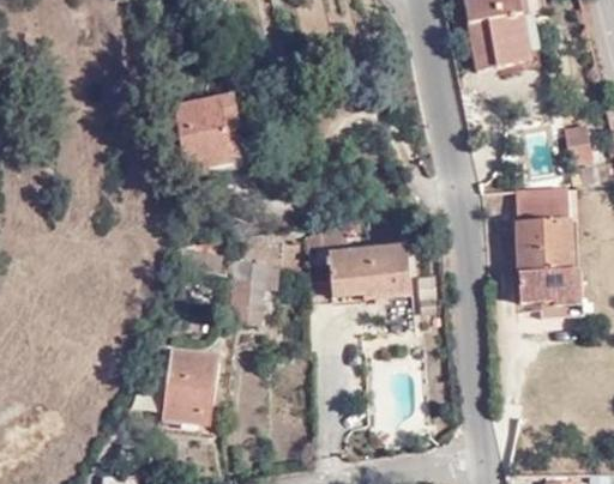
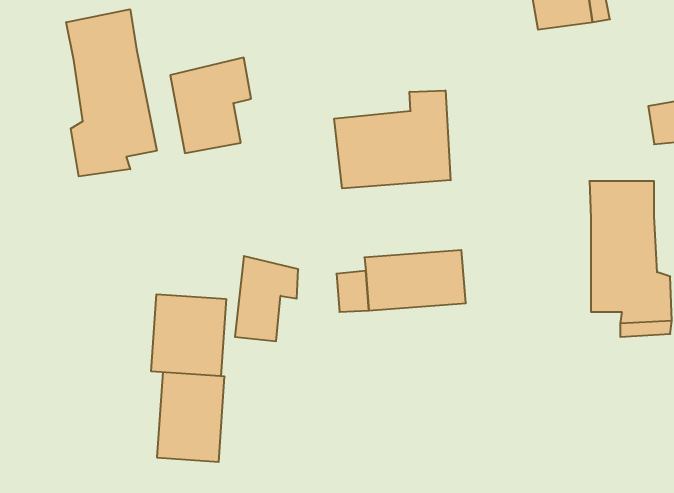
building: none -> [66,9,157,176]
building: none -> [334,90,451,188]
building: none -> [151,294,226,376]

